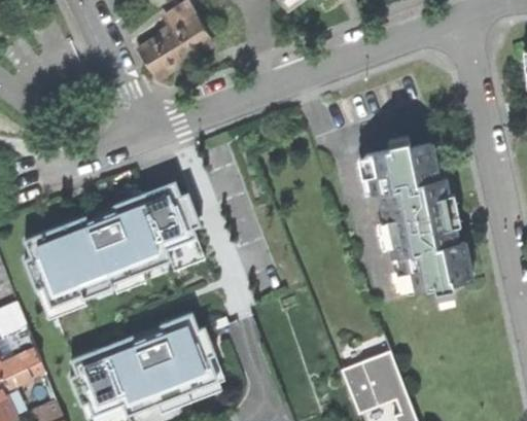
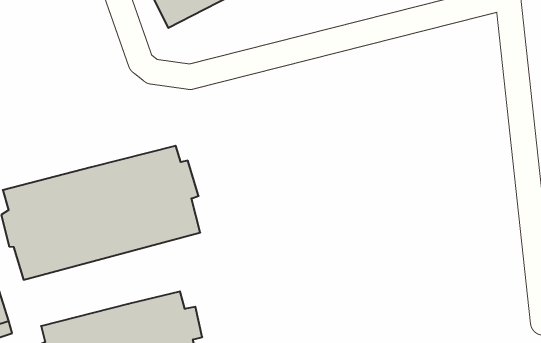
building: [365,138,473,293] -> none

